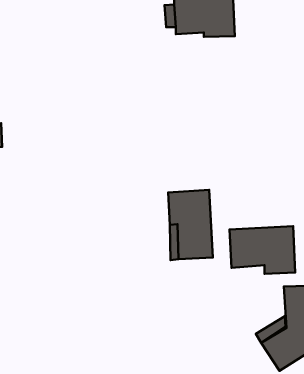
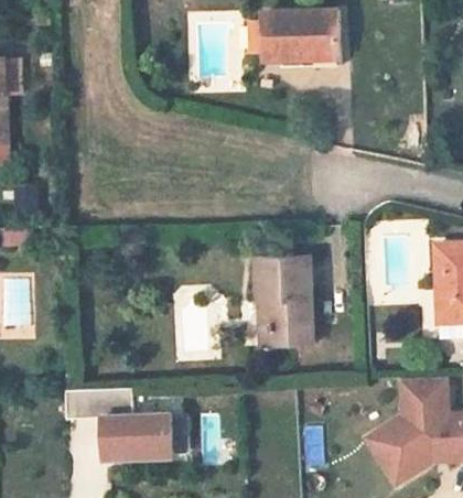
building: [230,226,295,274] -> none
building: none -> [64,391,171,458]

